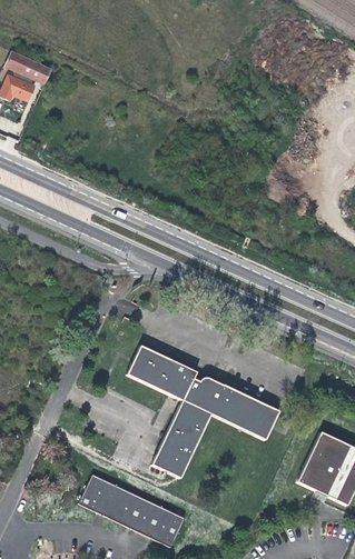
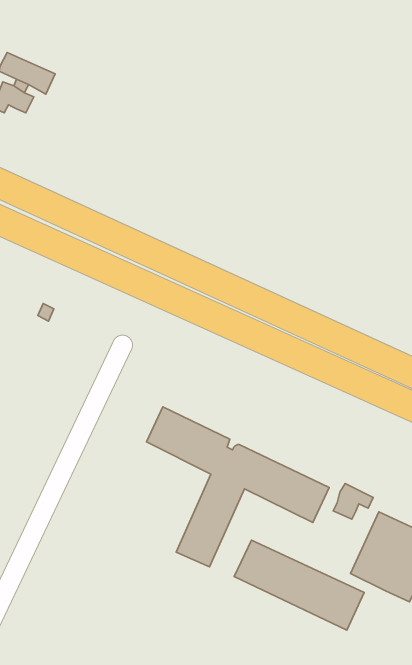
building: none -> [333,483,373,519]
building: [77,471,185,546] -> [234,540,364,630]

